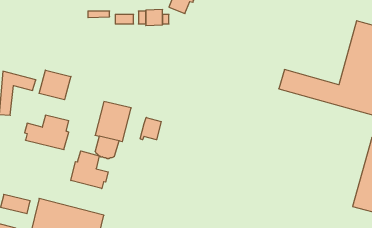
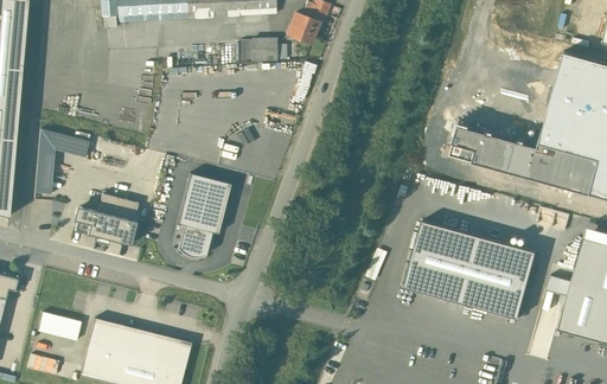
building: [39,70,71,100] -> none
building: [140,117,161,140] -> none
building: none -> [403,220,535,319]
building: [71,151,108,189] -> none

